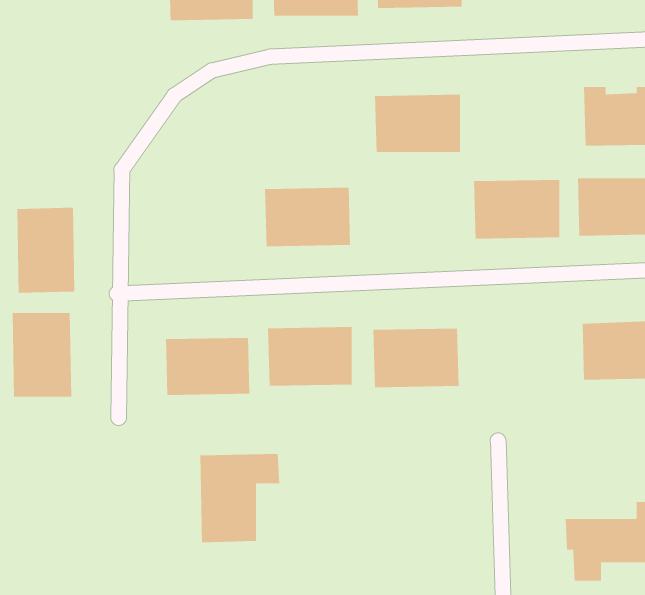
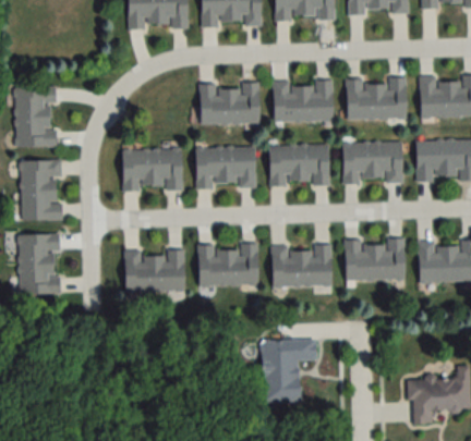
building: none -> [347,77,407,120]
building: none -> [200,84,259,124]
building: none -> [15,87,56,148]
building: none -> [269,144,329,185]
building: none -> [122,148,182,191]
building: none -> [345,238,404,281]
building: [199,453,280,543] -> [261,340,317,403]

